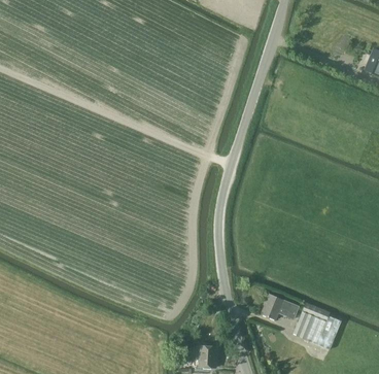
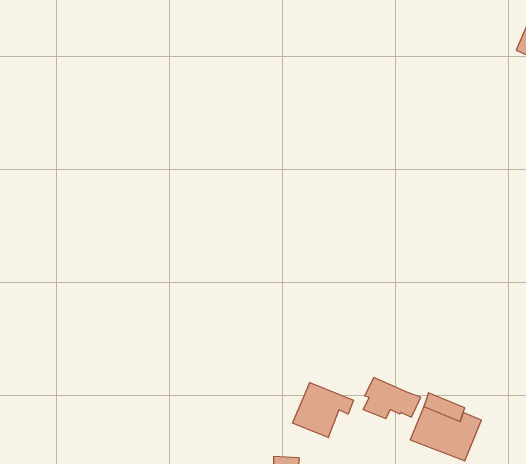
building: none -> [293,382,353,438]

